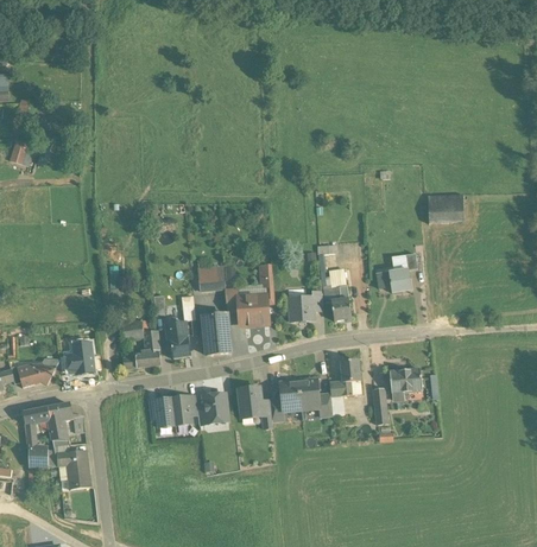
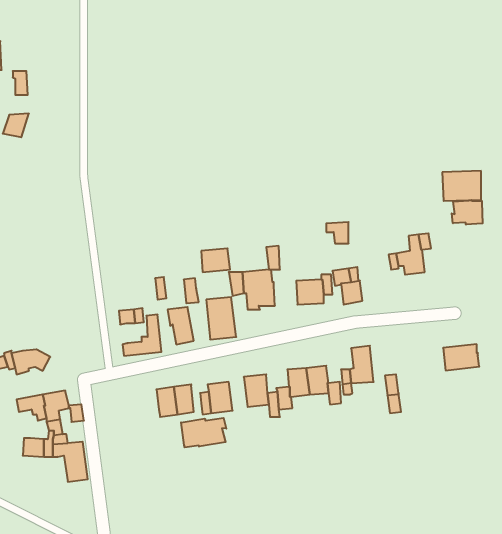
building: none -> [452,200,483,225]
building: [67,342,94,374] -> none
building: [387,368,422,393] -> [443,344,479,370]
building: none -> [181,418,226,447]

